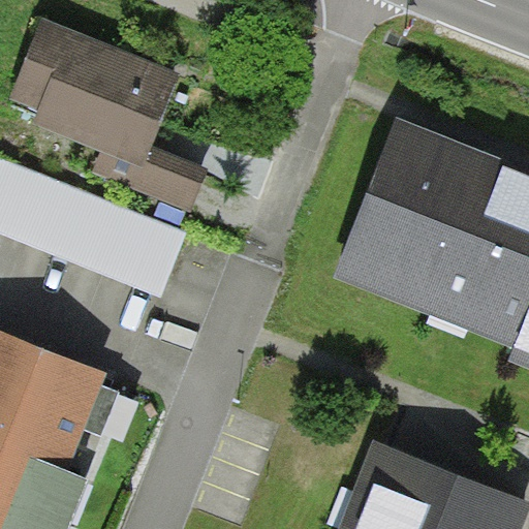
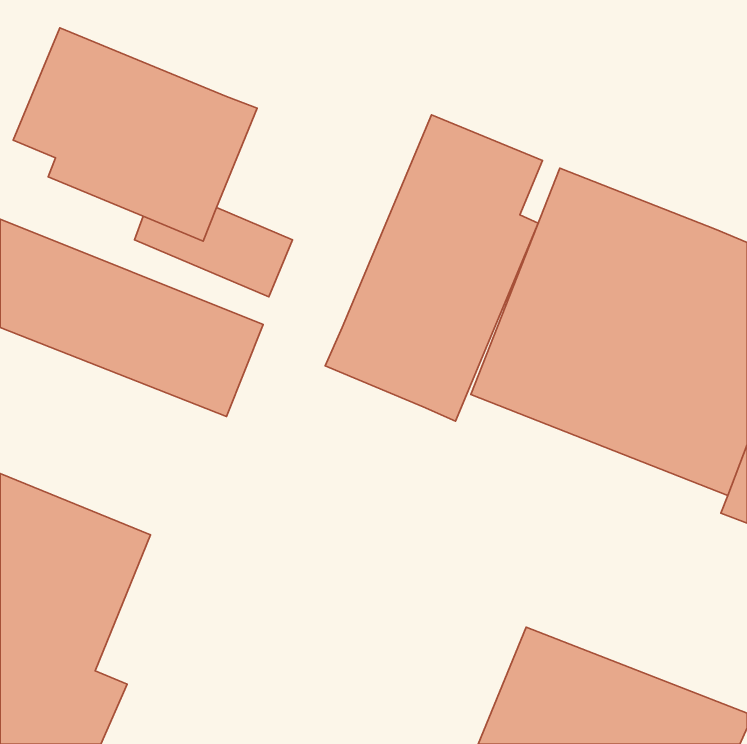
building: none -> [325,115,543,421]

